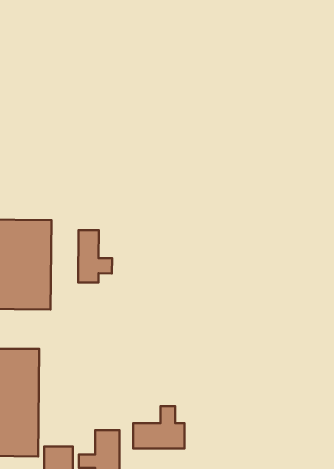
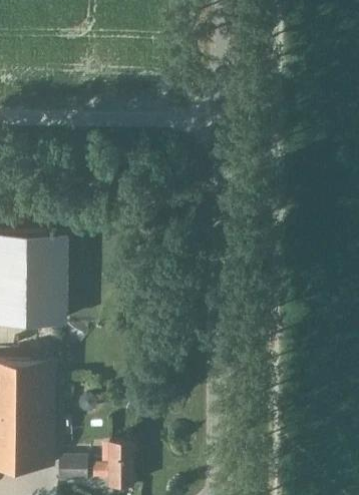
building: [78,230,112,283] -> none
building: [133,406,184,449] -> none

